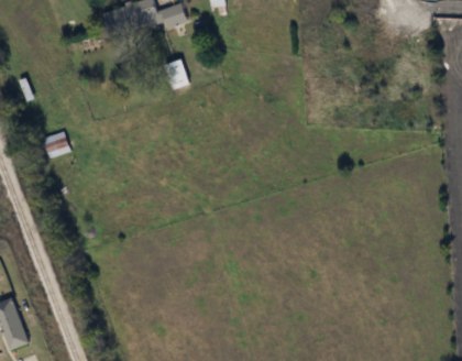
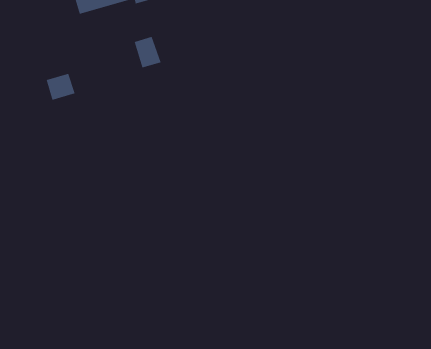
building: [42,131,70,157] -> [46,73,76,100]

